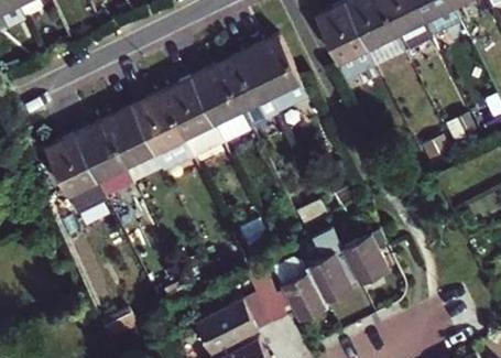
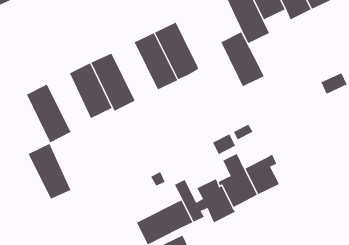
building: [248,36,307,111] -> [220,32,264,87]
building: [161,78,222,158] -> none
building: [74,120,133,196] -> [28,143,72,200]

